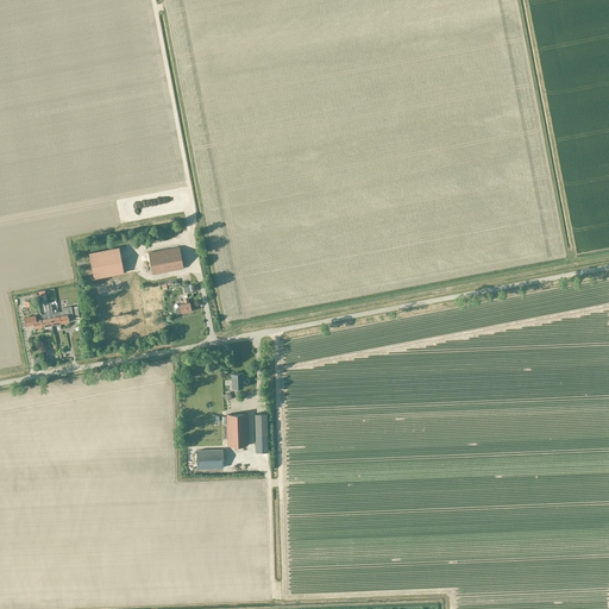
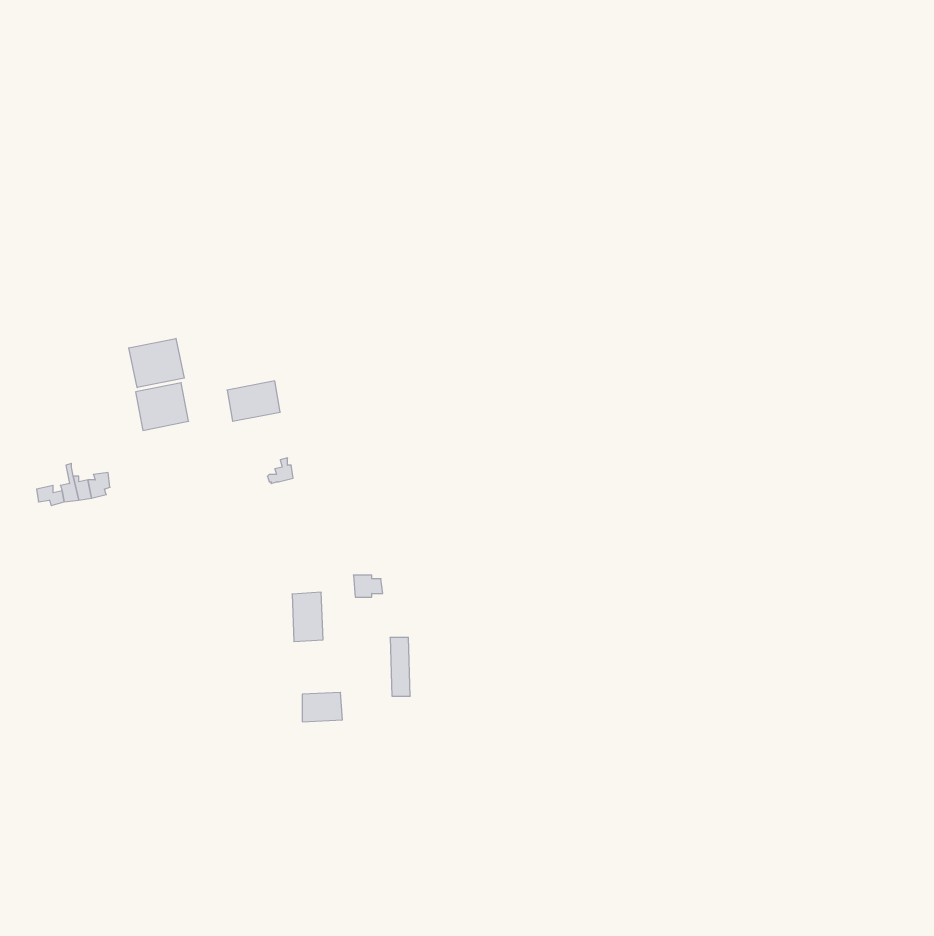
building: none -> [129,338,184,388]
building: [226,414,246,446] -> [292,592,323,642]

